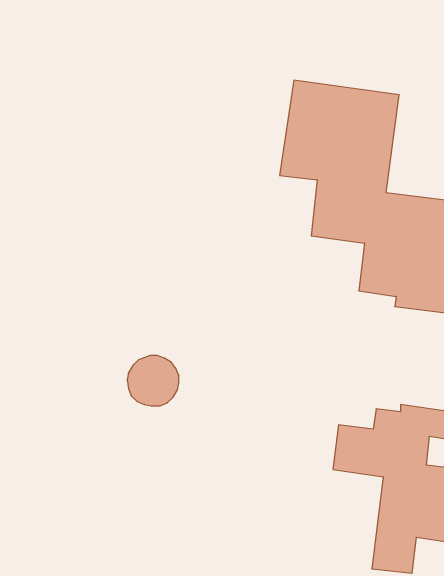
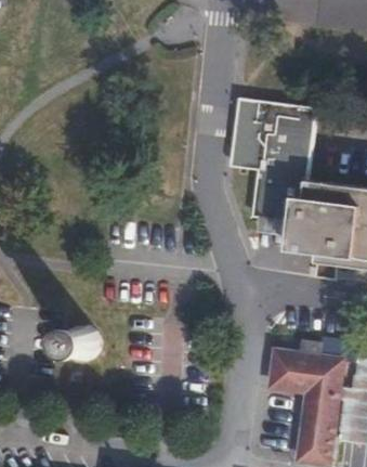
building: [127,355,179,406] -> [61,325,100,363]

